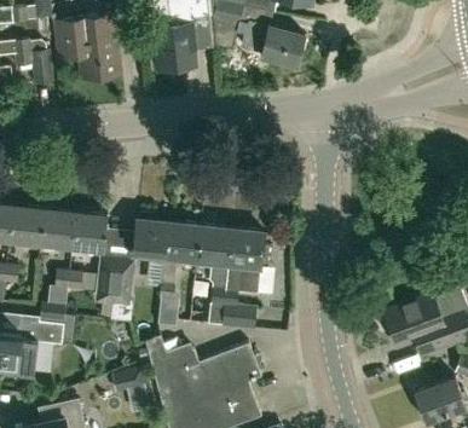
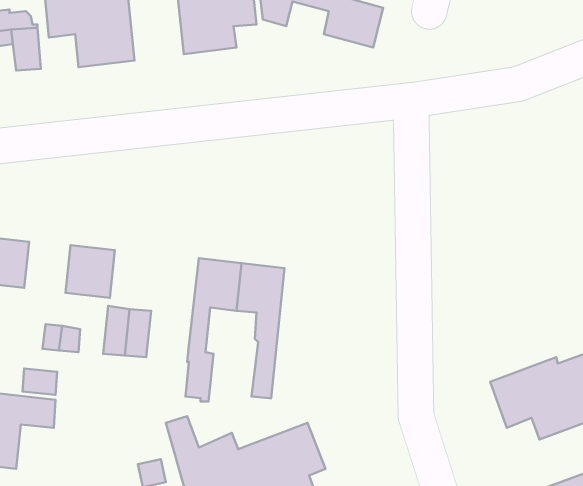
building: [41,209,75,247] -> none
building: [134,213,169,285] -> none
building: [223,229,265,328] -> none

